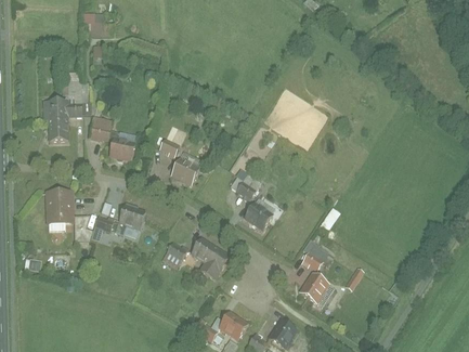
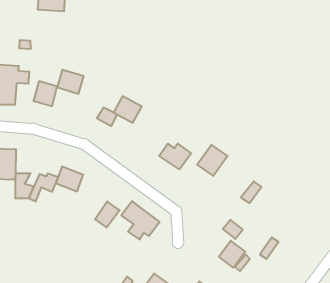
building: [107,136,135,161] -> [57,70,84,94]
building: [170,156,200,184] -> [114,96,142,123]
building: [244,196,276,230] -> [197,145,228,176]

